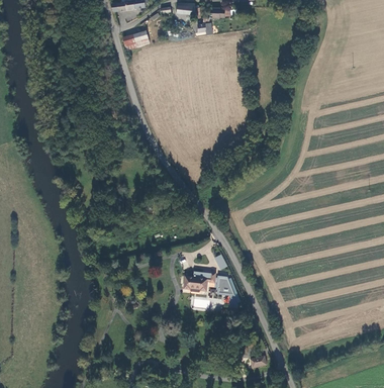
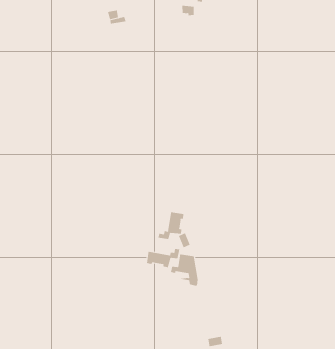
building: none -> [158,211,184,240]

